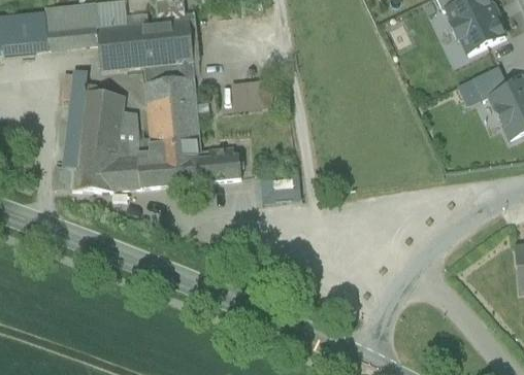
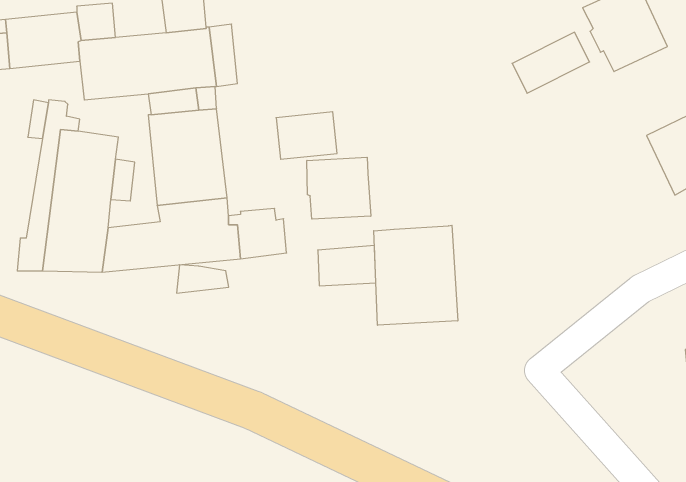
building: [457,60,511,102] -> [512,32,590,93]
building: none -> [307,157,371,219]
building: [117,139,153,159] -> [177,265,229,293]
building: none -> [374,225,458,325]

